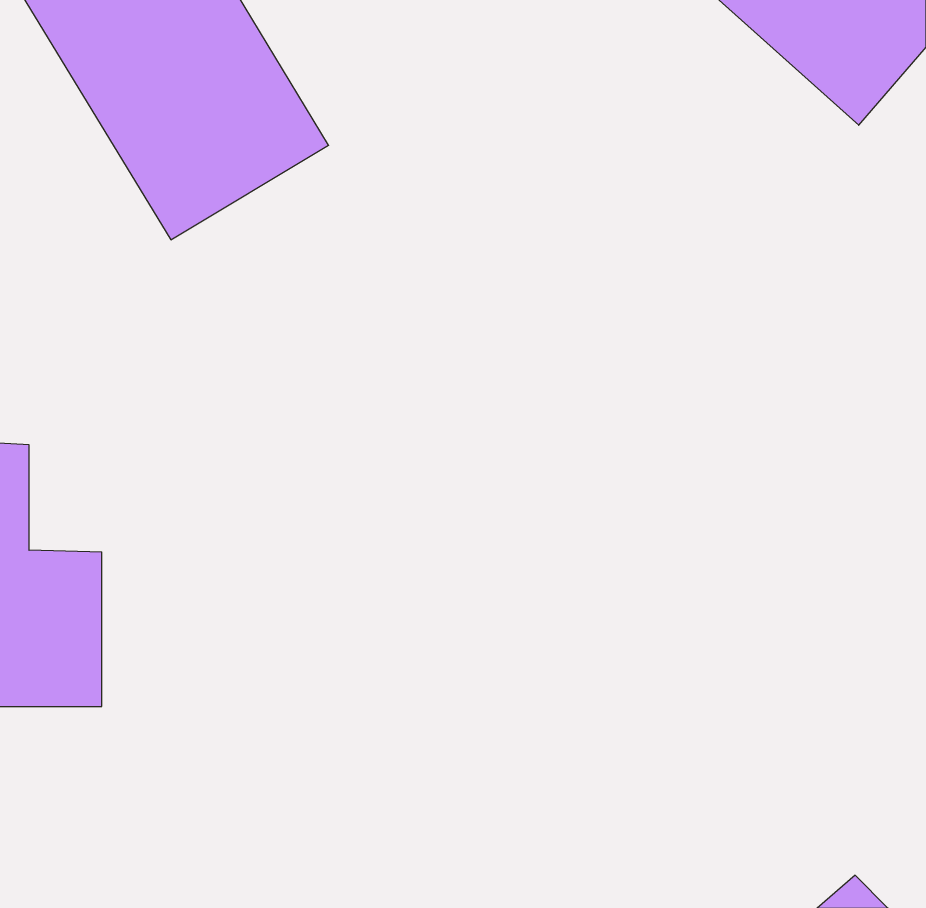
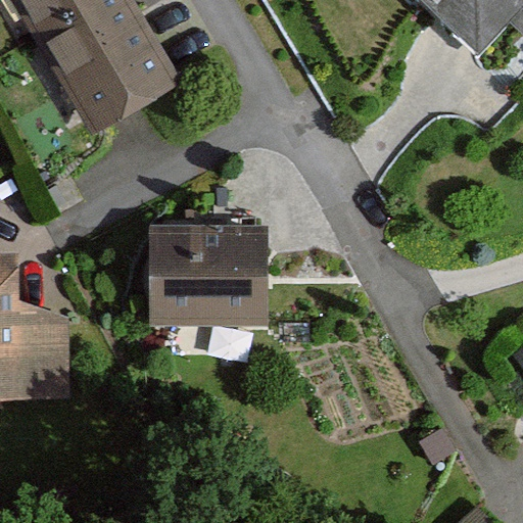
building: none -> [148,223,265,323]

